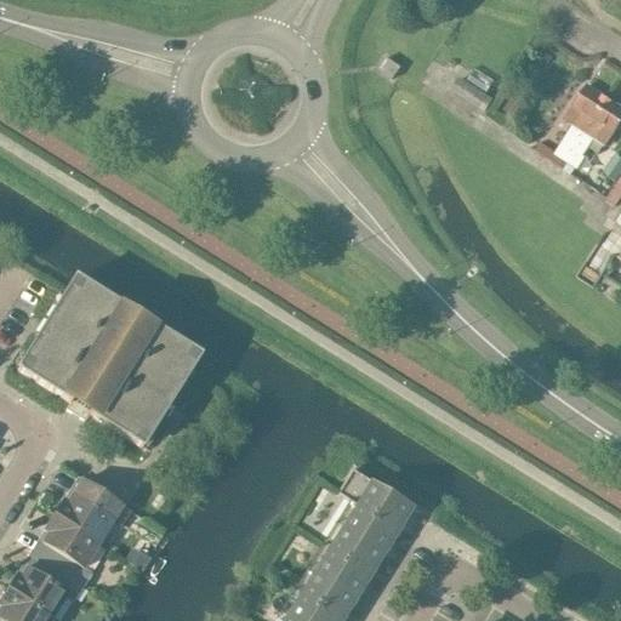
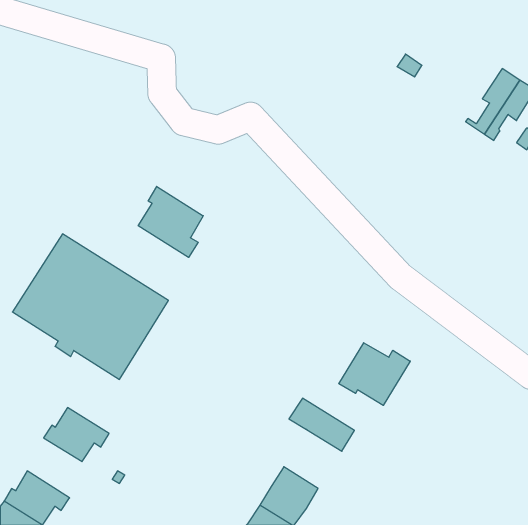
building: none -> [138,186,203,257]
building: none -> [339,343,410,405]
building: [335,501,403,570] -> none
building: [35,511,99,581] -> none

